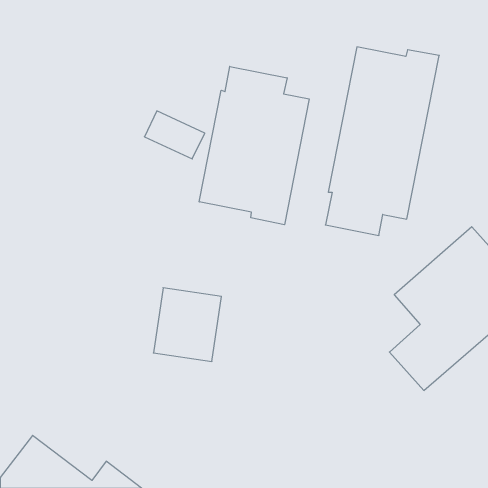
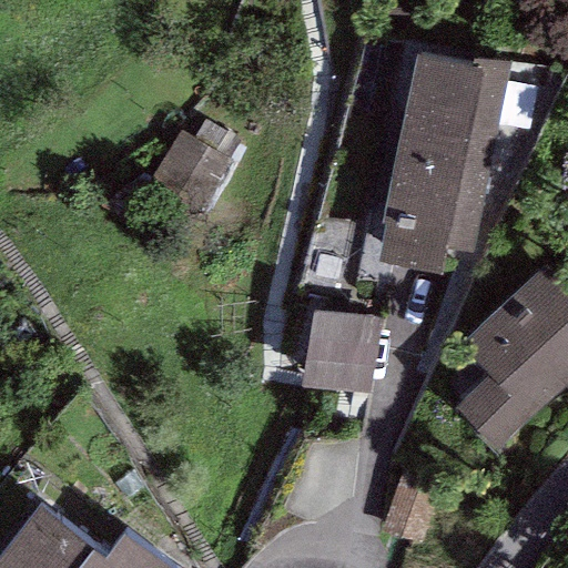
building: [199,66,309,225] -> none
building: [153,288,221,361] -> [302,310,381,395]

